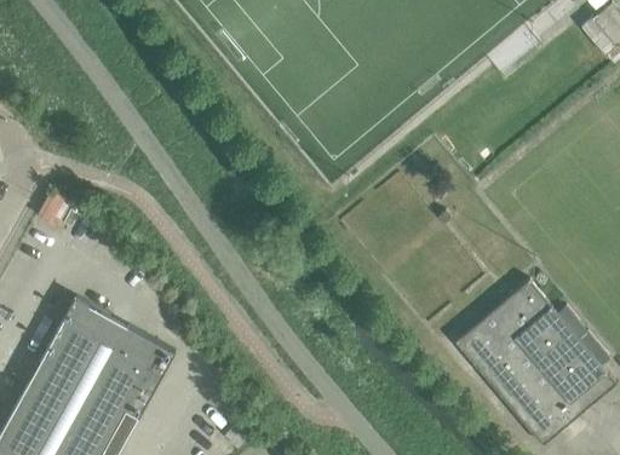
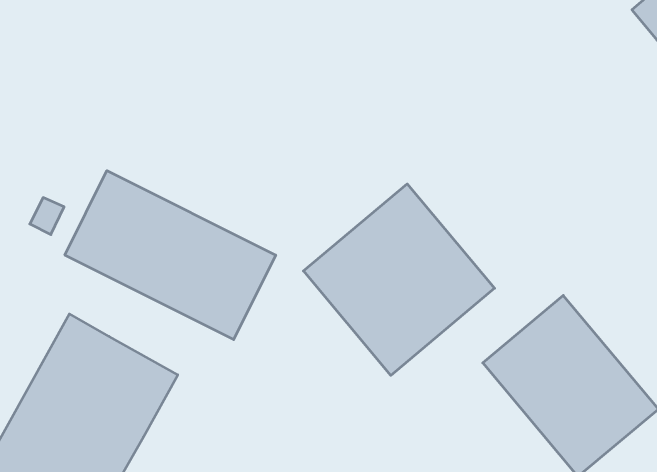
building: none -> [65,171,276,340]
building: none -> [303,184,495,375]

